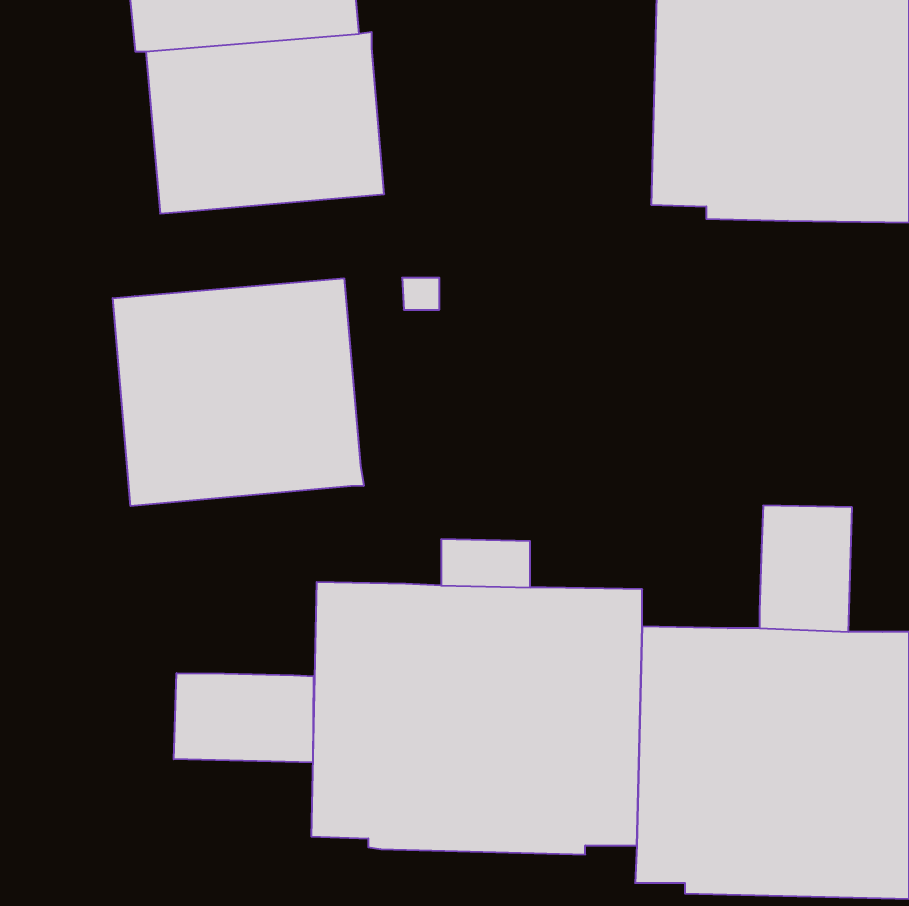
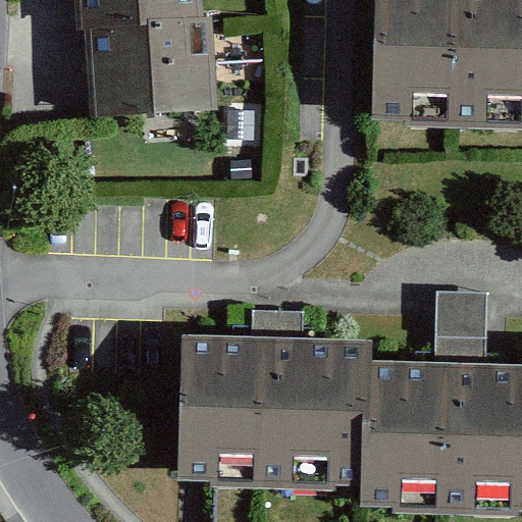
building: [113,278,364,506] -> none
building: [174,673,314,762] -> none

